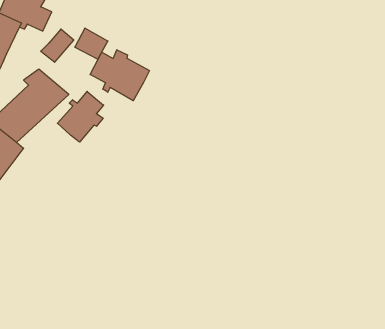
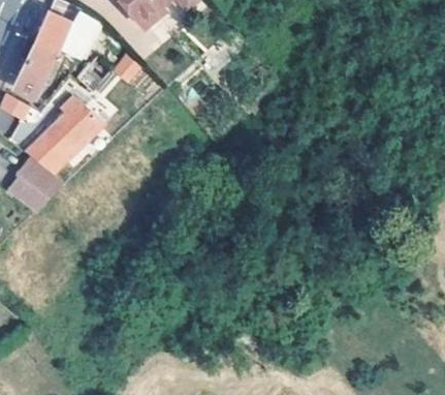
building: [90,50,149,101] -> none
building: [57,91,104,142] -> none

